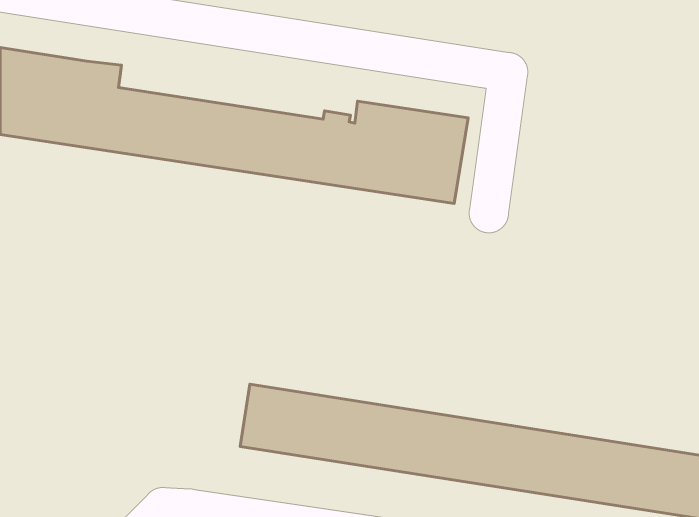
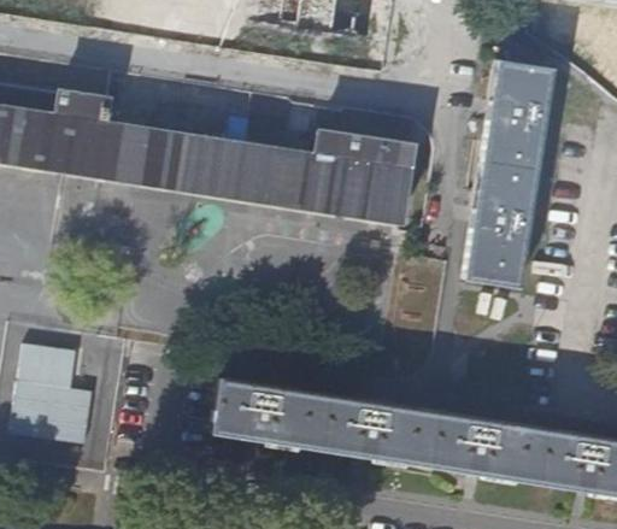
building: none -> [465,61,550,289]
building: none -> [16,345,96,443]

